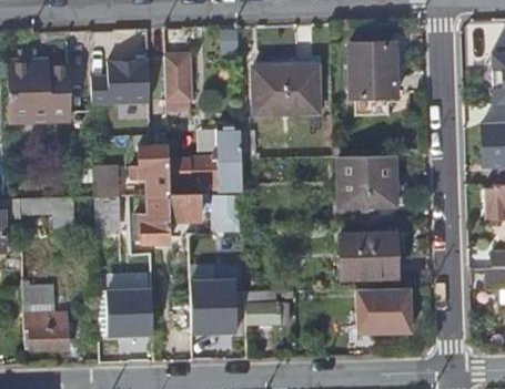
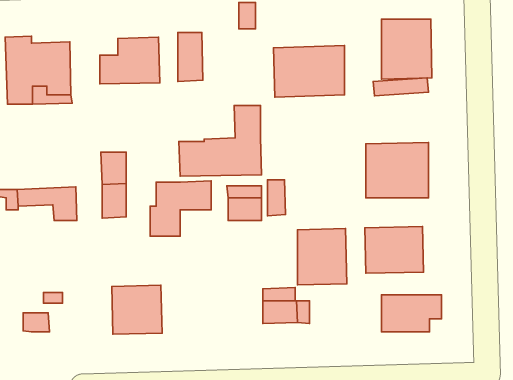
building: [133,145,168,193] -> none
building: [189,280,234,332] -> [298,229,347,285]
building: [30,314,67,349] -> none

